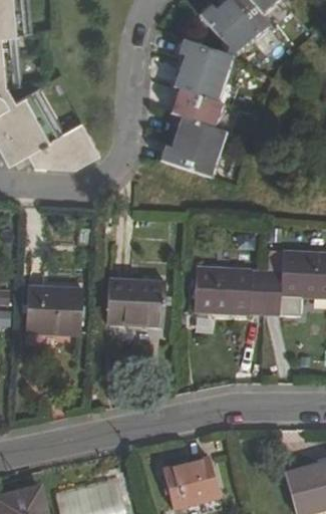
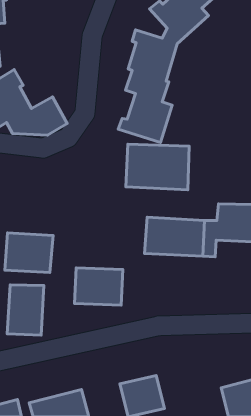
building: none -> [126,144,189,190]
building: [106,280,165,325] -> [75,268,123,305]
building: none -> [7,285,44,335]

